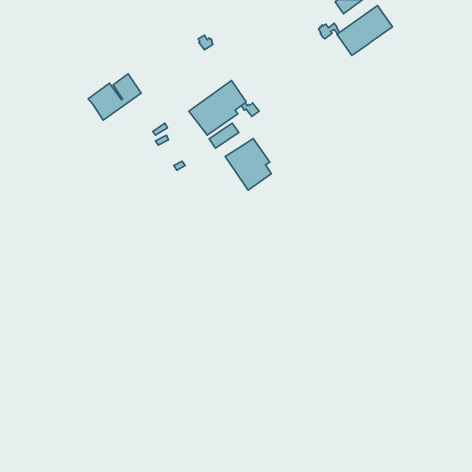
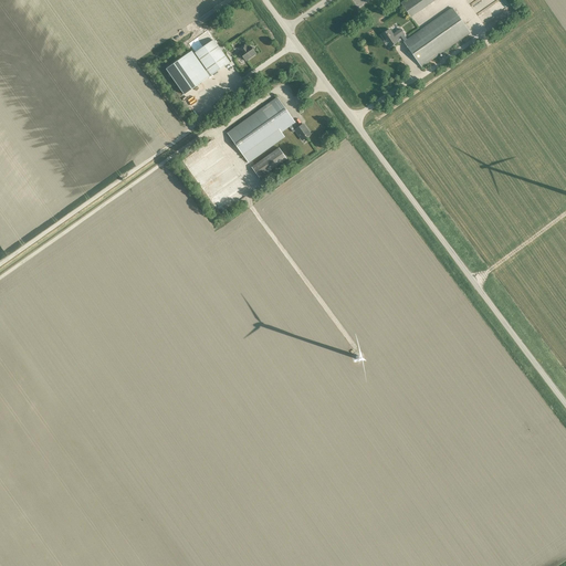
building: [88,74,141,120] -> [165,39,228,94]
building: [225,139,271,190] -> none

